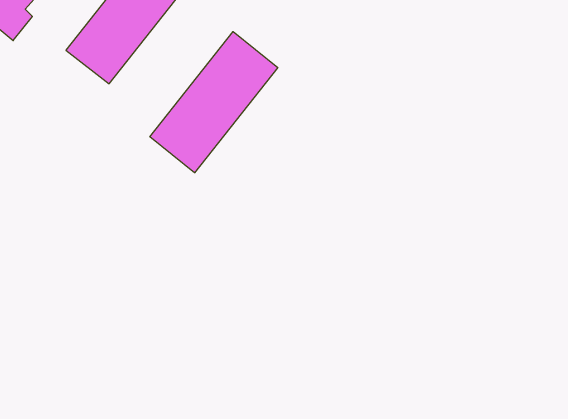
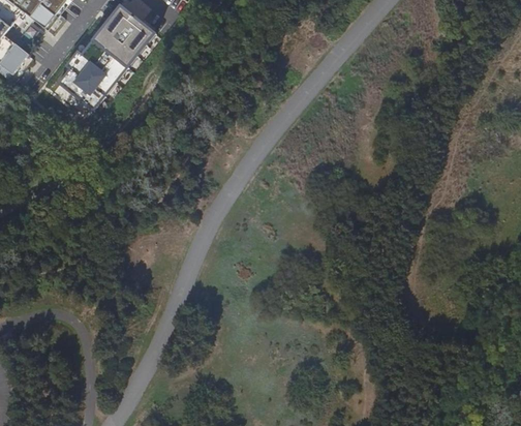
building: [150,32,278,173] -> none

